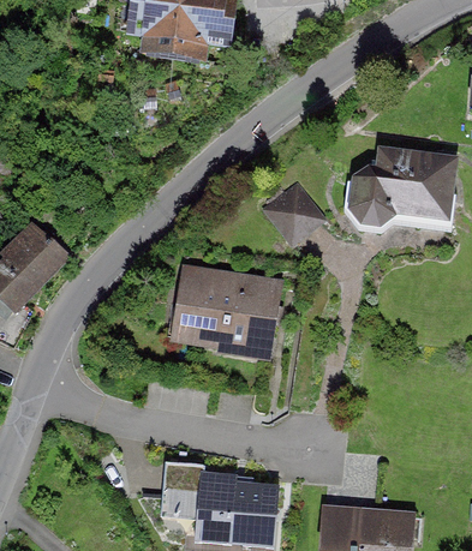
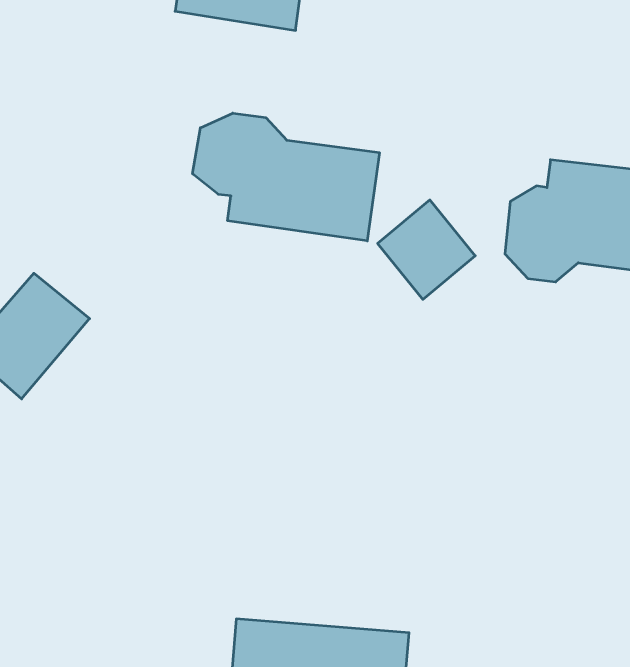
building: none -> [193,113,379,241]
building: [172,265,286,367] -> none

